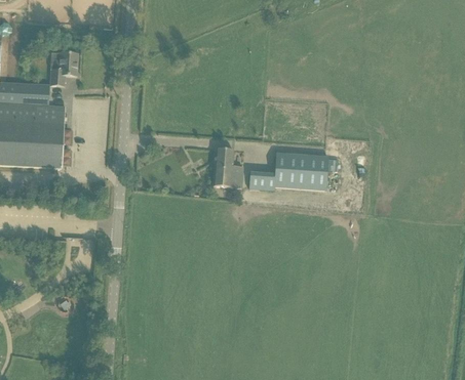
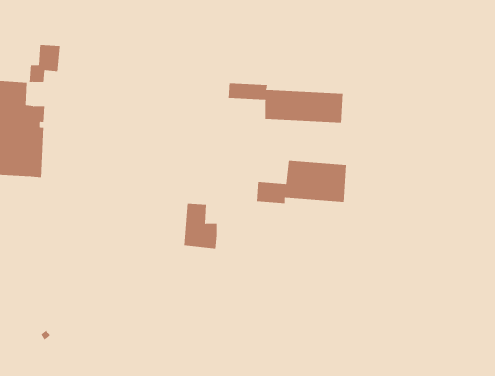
building: none -> [228,83,343,123]
building: [212,149,242,188] -> [183,203,218,249]

